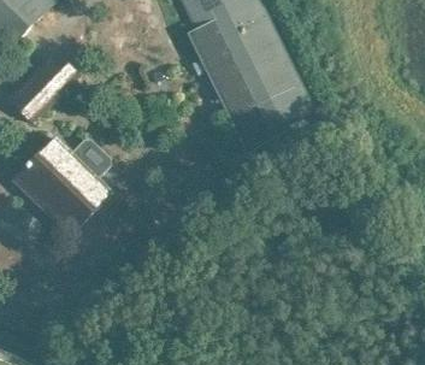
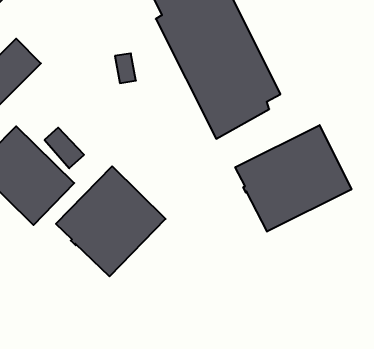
building: none -> [235,125,351,232]
building: none -> [56,166,166,276]

